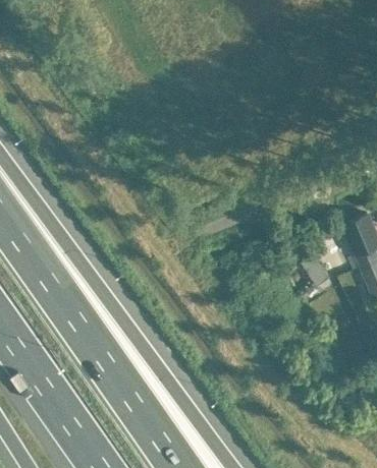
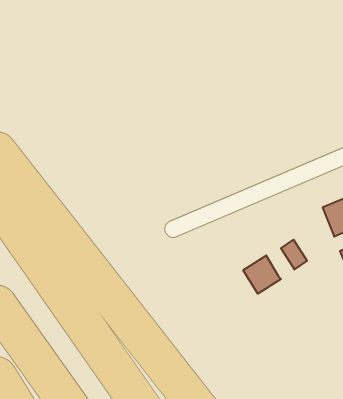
building: none -> [243,255,281,294]

